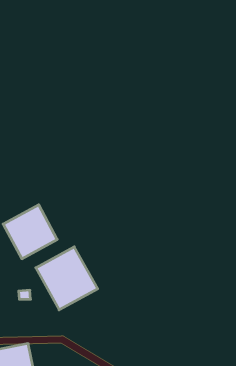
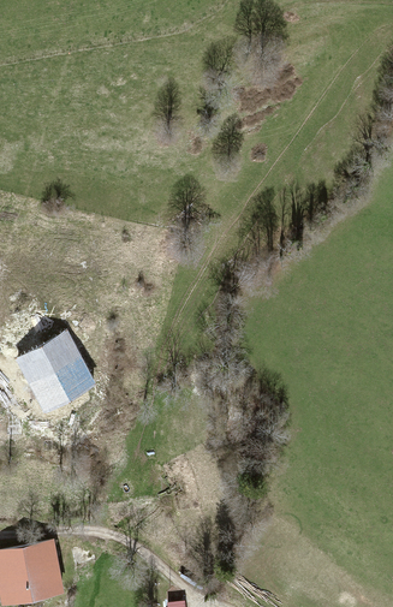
building: [36,247,98,310] -> none

